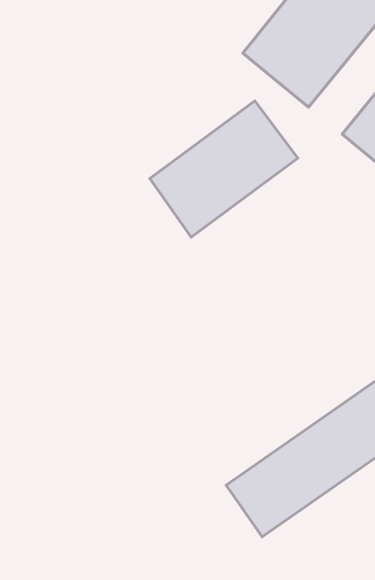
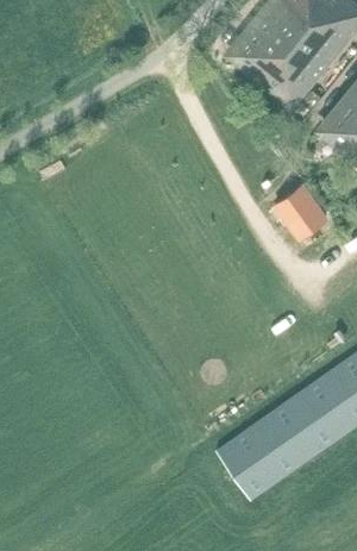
building: [150,101,298,237] -> none
building: none -> [275,186,327,240]

